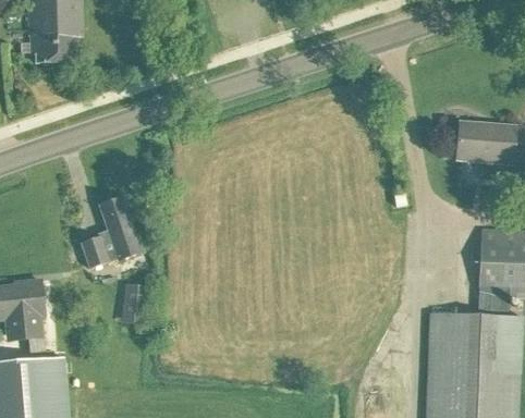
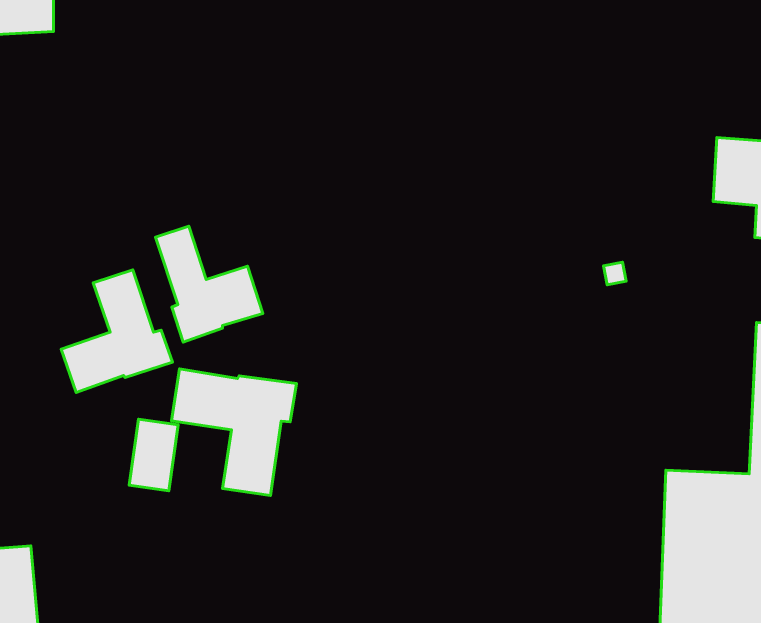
building: none -> [156,226,263,342]
building: none -> [172,369,296,495]

